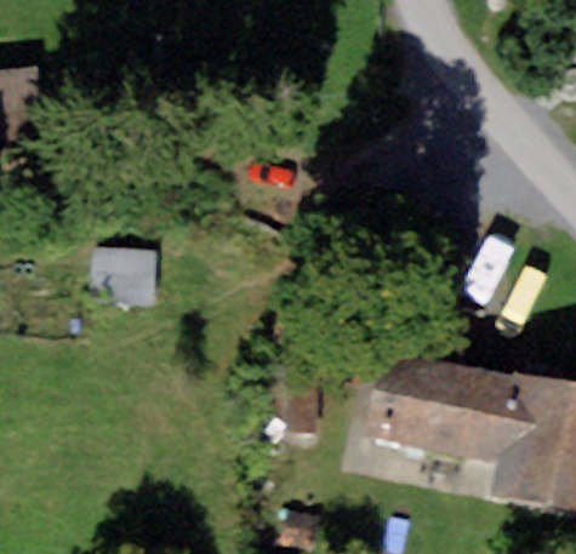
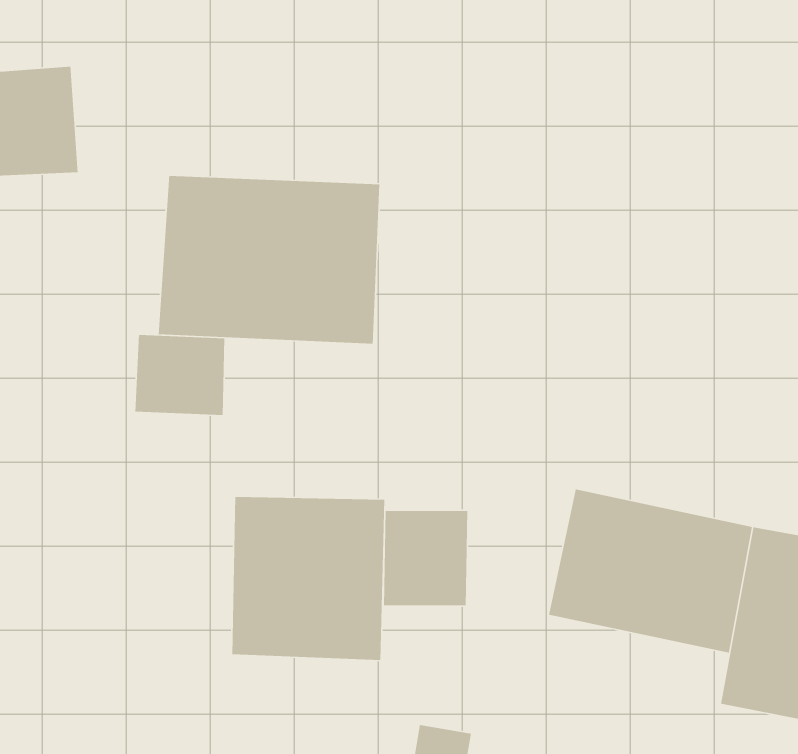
building: none -> [158,175,380,345]
building: none -> [232,496,385,661]

